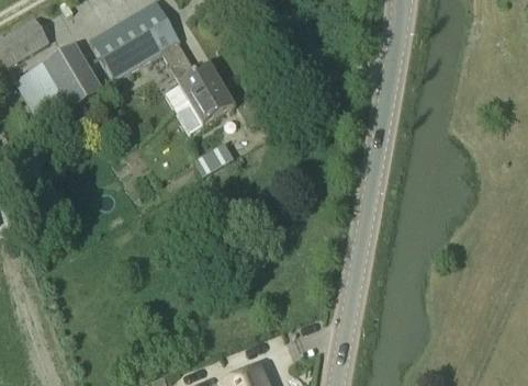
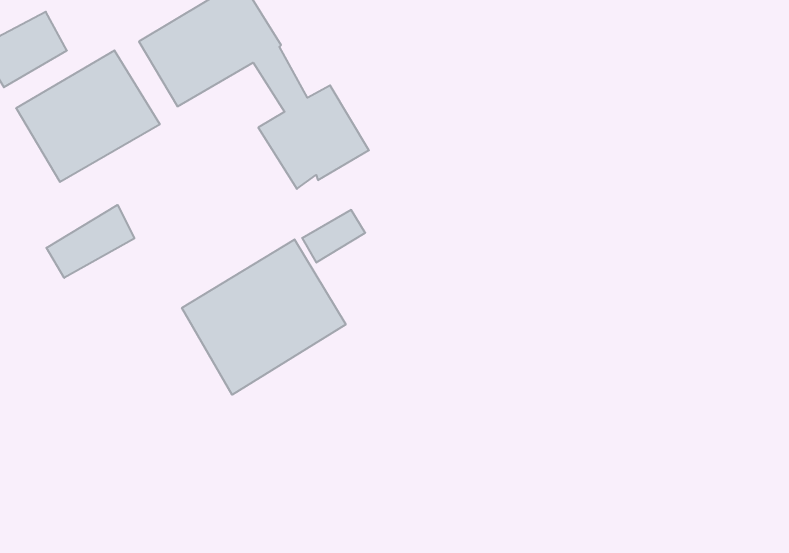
building: none -> [46,205,134,278]
building: none -> [182,239,346,395]

